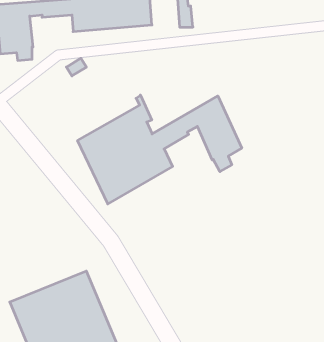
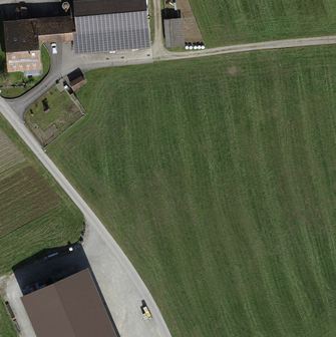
building: [78,95,242,204] -> none

